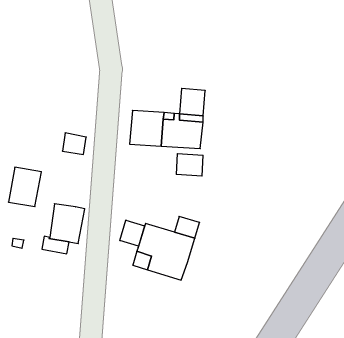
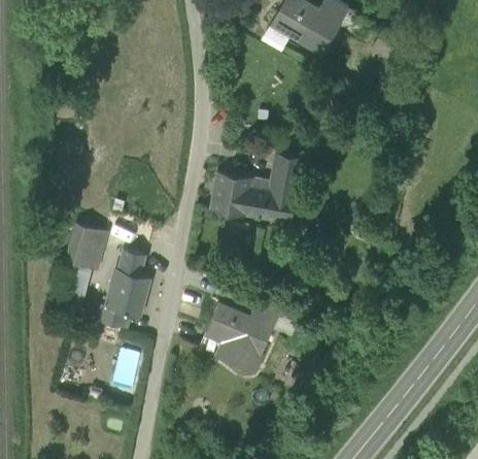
building: [62,133,86,154] -> [117,249,146,275]
building: [176,154,203,176] -> none
building: [120,220,144,246] -> none

